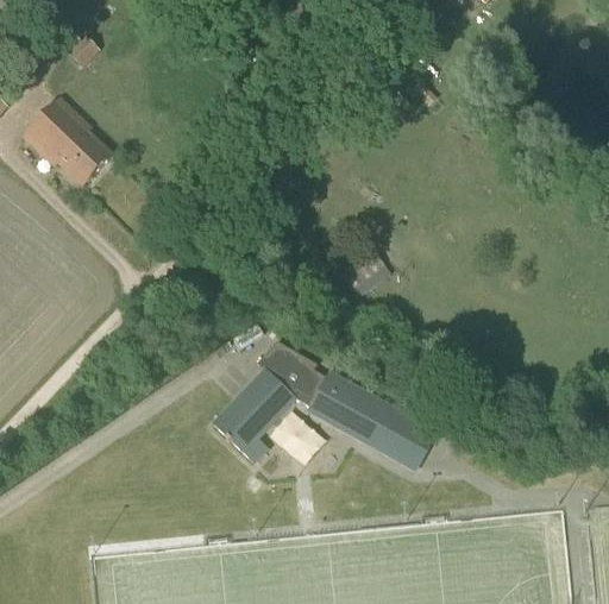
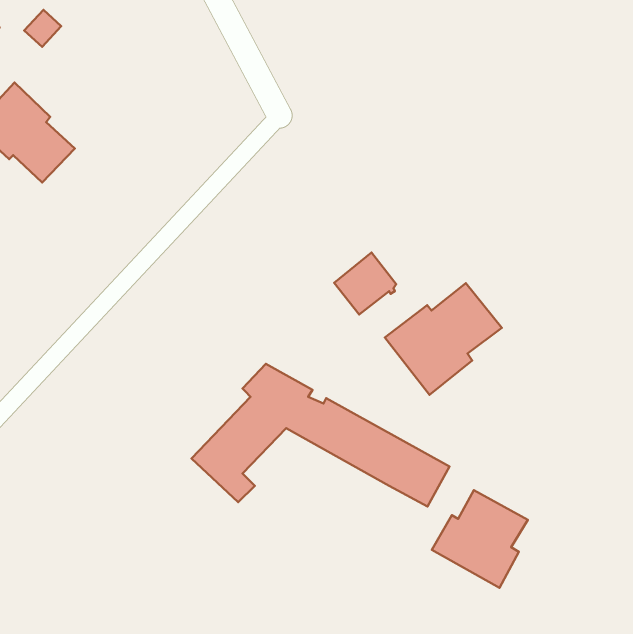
building: none -> [385,283,502,395]
building: none -> [432,490,528,588]

